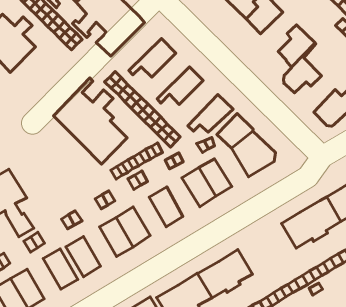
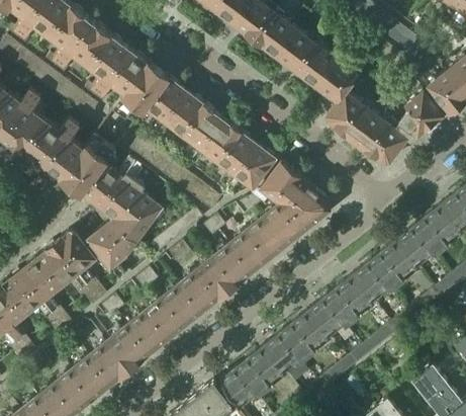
building: none -> [295,45,334,89]
building: none -> [132,77,186,133]
building: none -> [23,118,112,194]
building: none -> [181,106,221,160]
building: none -> [342,109,386,151]
building: none -> [215,133,257,185]
building: none -> [88,221,138,279]
building: none -> [263,203,303,246]
building: none -> [36,233,107,306]
building: none -> [214,244,254,286]
building: none -> [180,270,219,313]
building: none -> [302,279,367,340]
building: none -> [129,311,169,354]
building: none -> [72,354,112,399]

